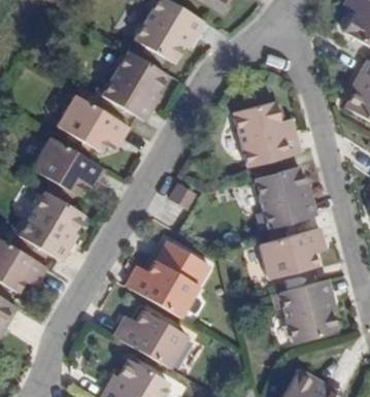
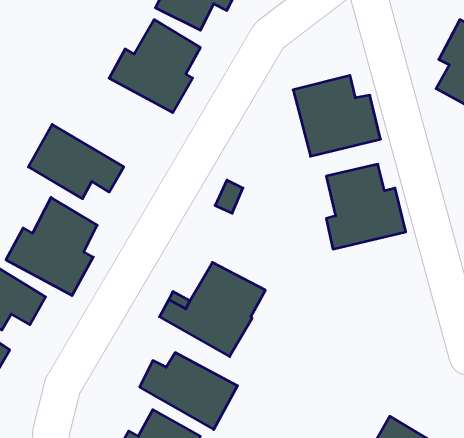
building: [48,95,123,155] -> none
building: [262,226,329,278] -> none
building: [273,279,338,346] -> none

